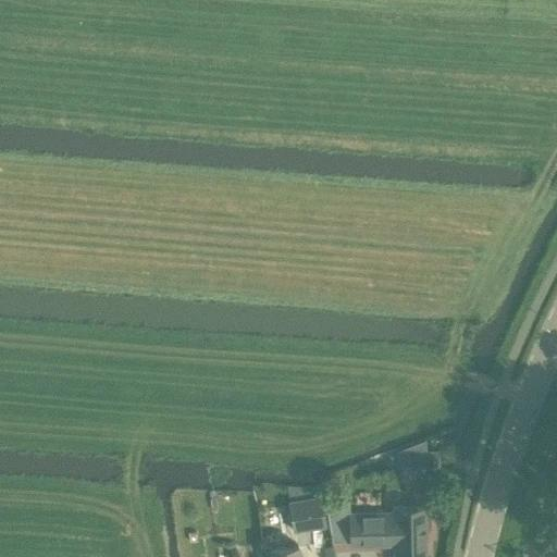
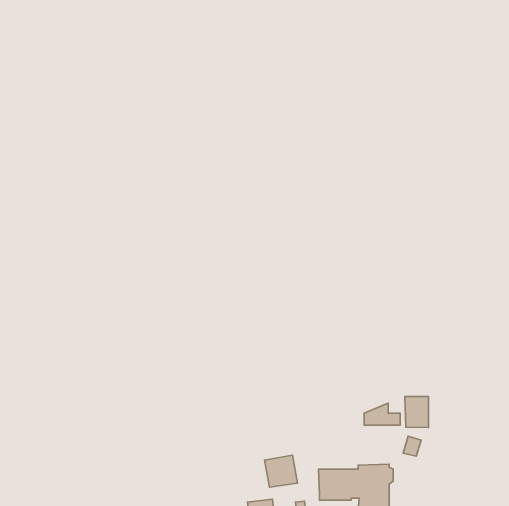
building: none -> [405,396,429,427]

